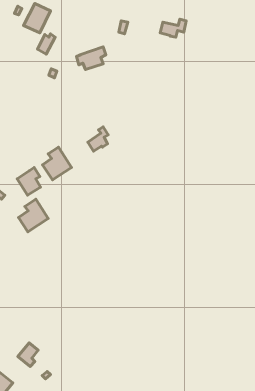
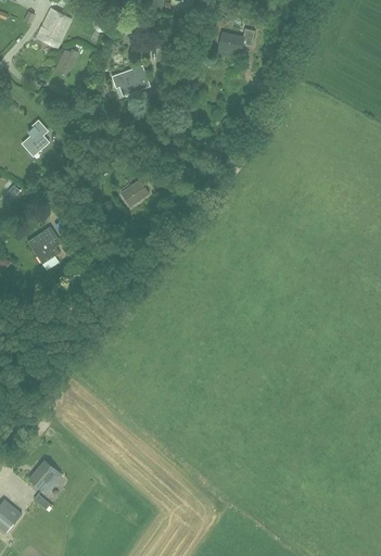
building: none -> [22,122,48,154]
building: [42,147,71,180] -> none
building: [18,199,48,232] -> none

